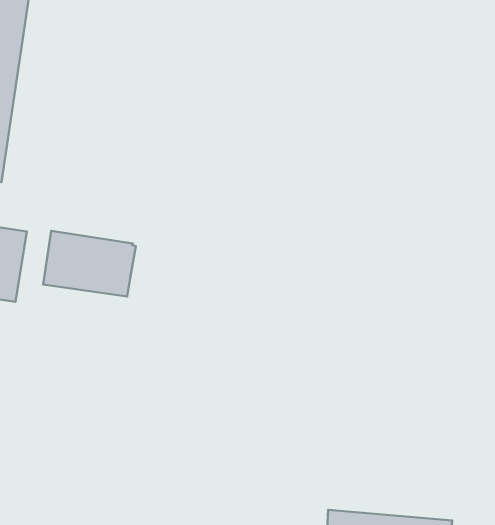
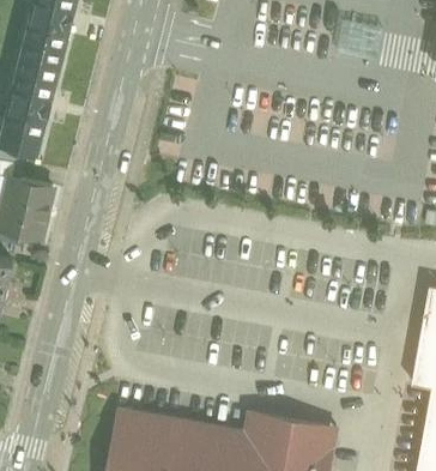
building: [43,231,136,296] -> none

